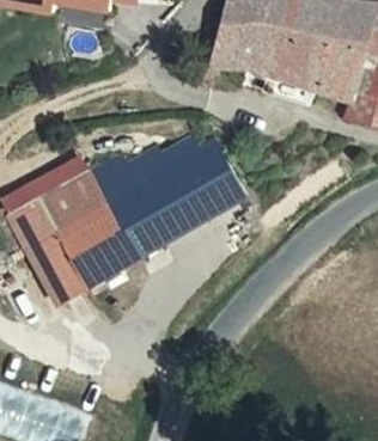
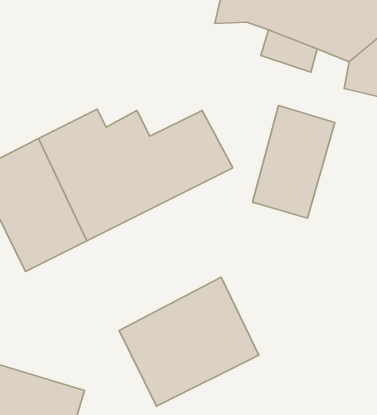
building: none -> [253,105,335,218]
building: none -> [119,277,259,406]

